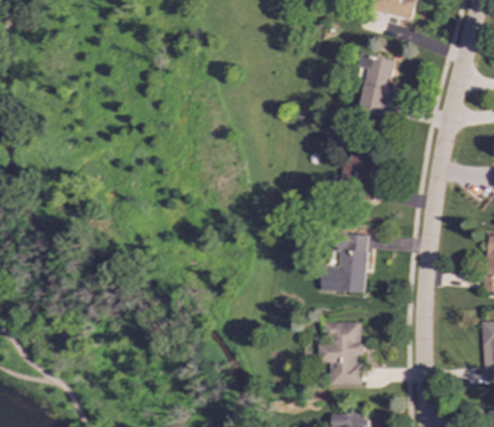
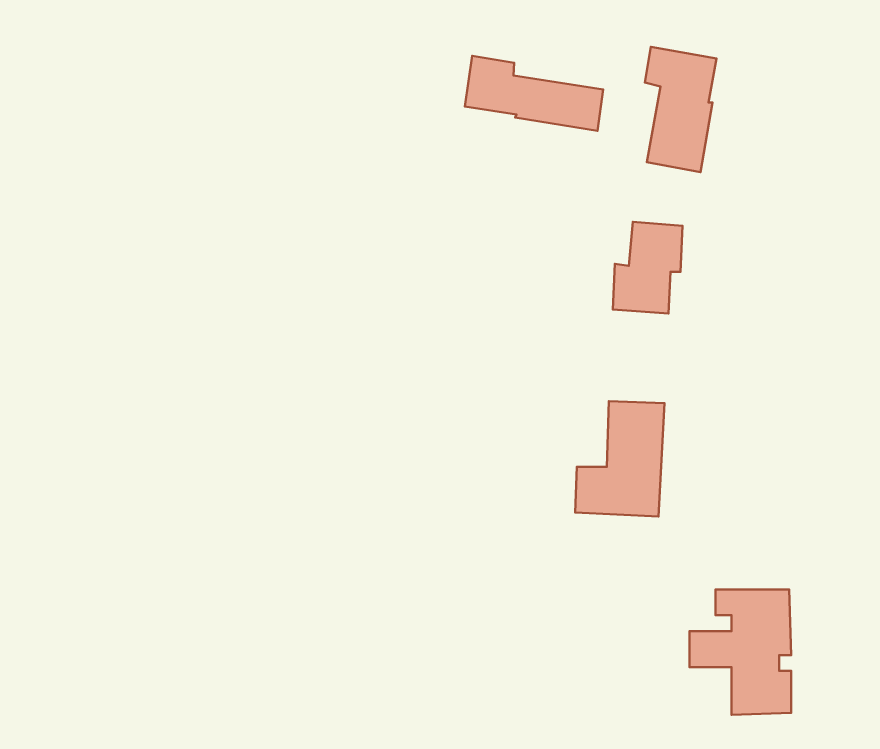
building: none -> [465,56,603,131]
building: [312,321,363,385] -> [690,589,791,715]

